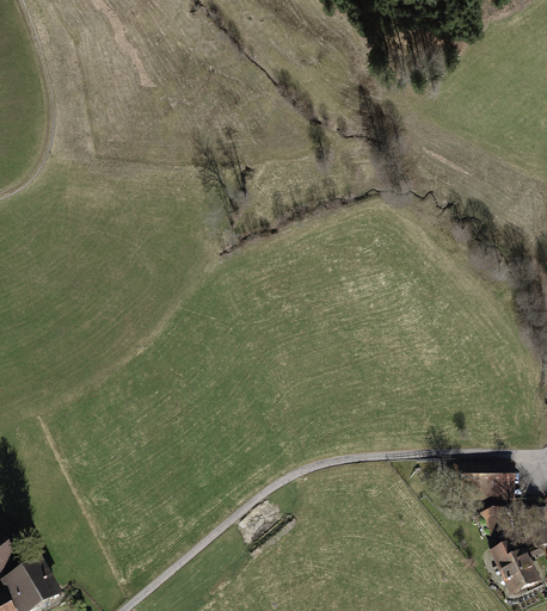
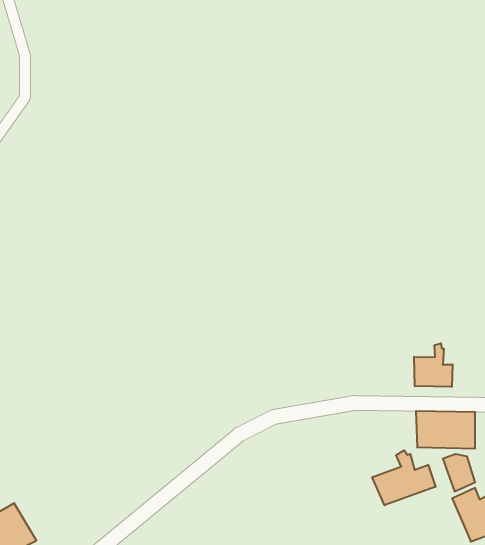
building: none -> [414,343,453,387]
building: none -> [372,450,436,505]

